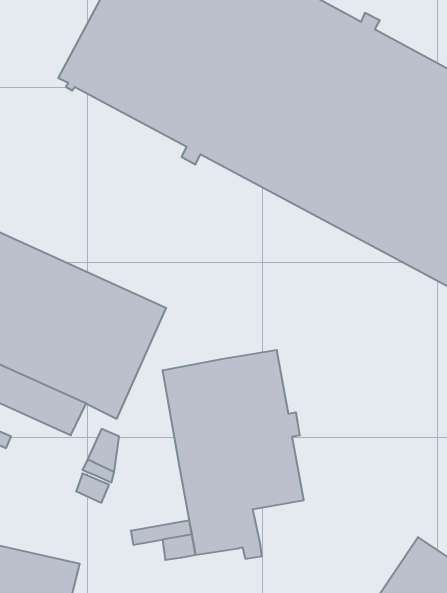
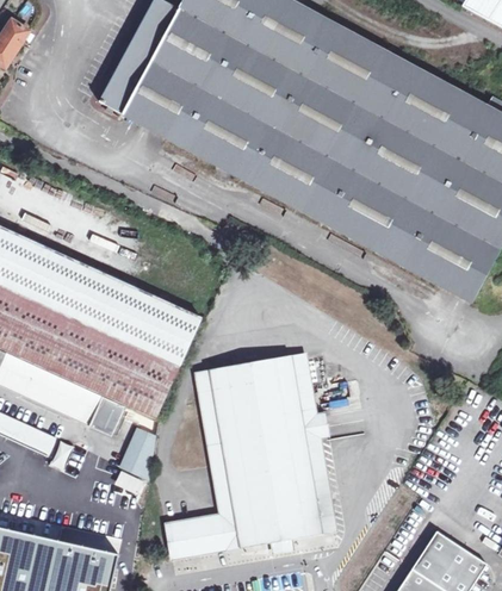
building: none -> [281,497,334,539]
building: none -> [169,534,199,560]

